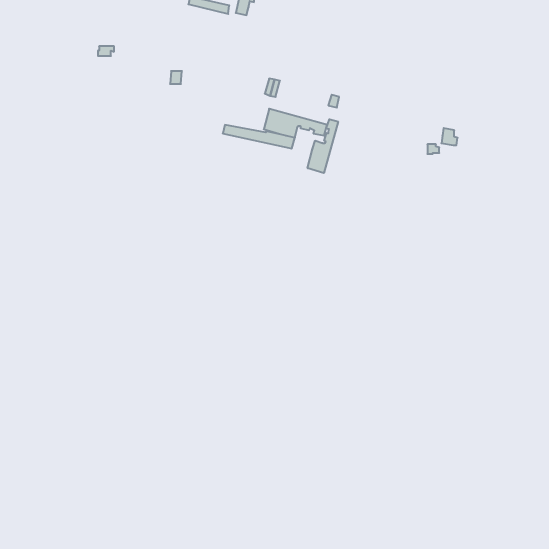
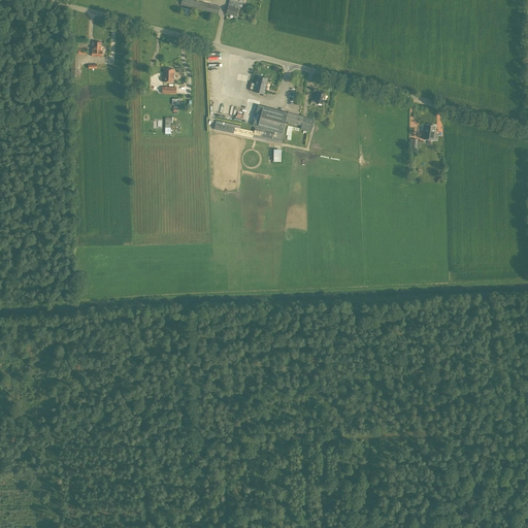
building: [308,119,338,173] -> none

